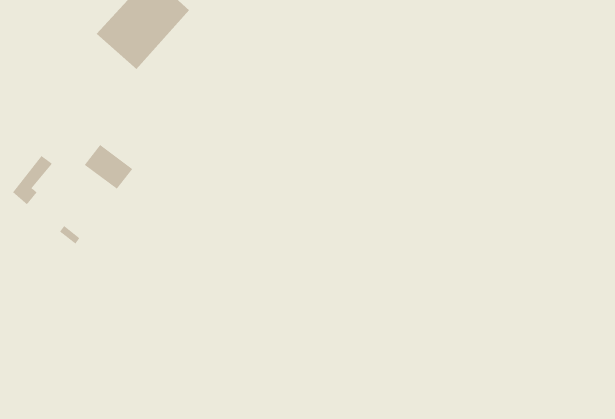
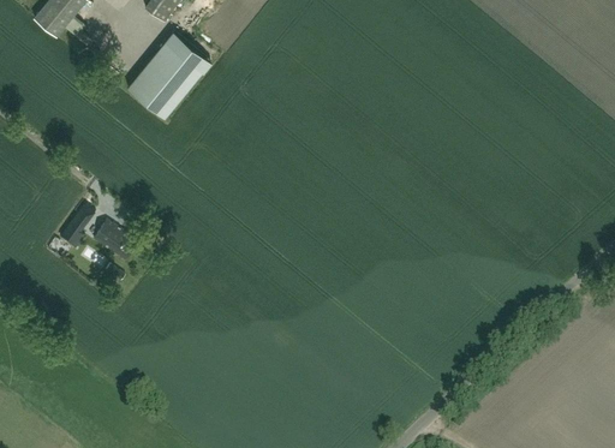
building: [84,144,133,190] -> [92,220,137,259]

